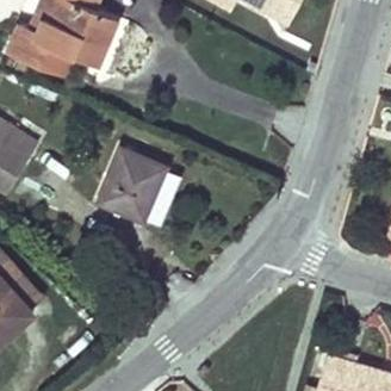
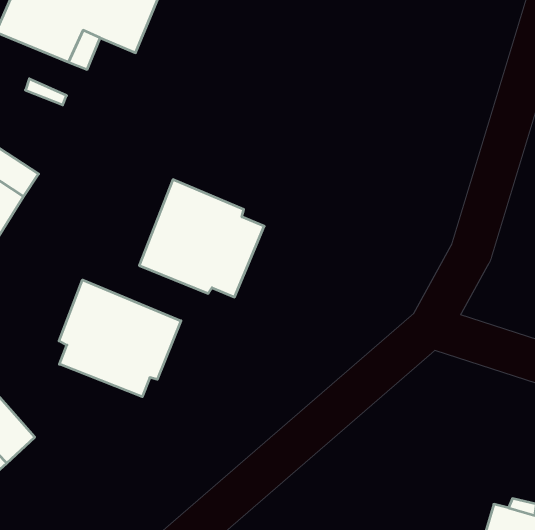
building: none -> [59,280,181,397]

